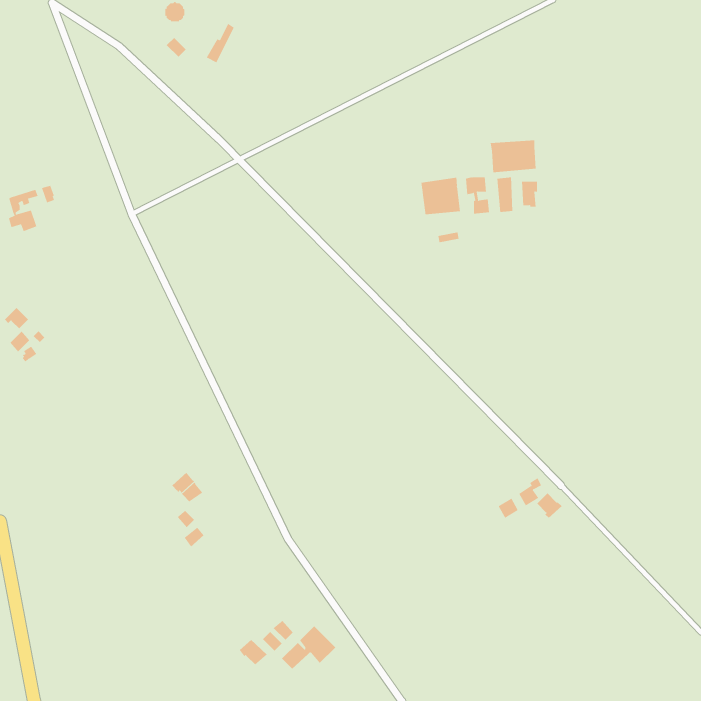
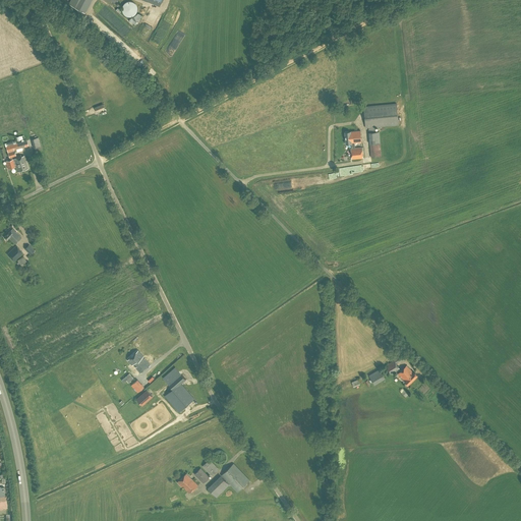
building: [421,177,460,215] -> none
building: none -> [163,367,194,412]

